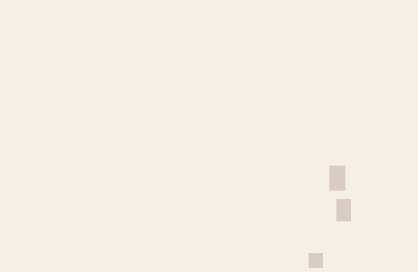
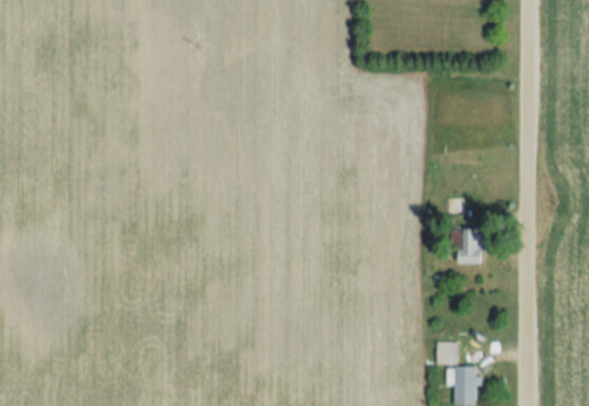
building: [336,198,352,222] -> none

